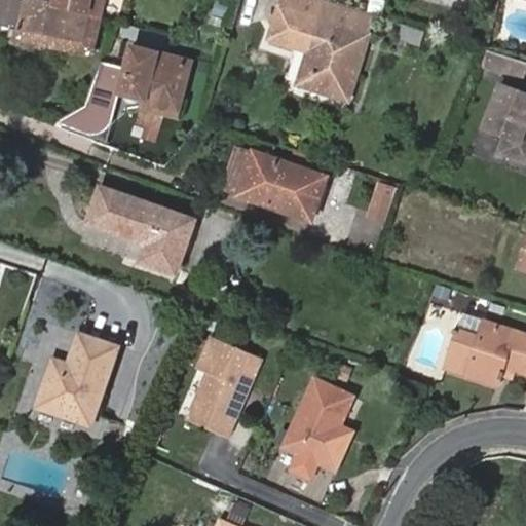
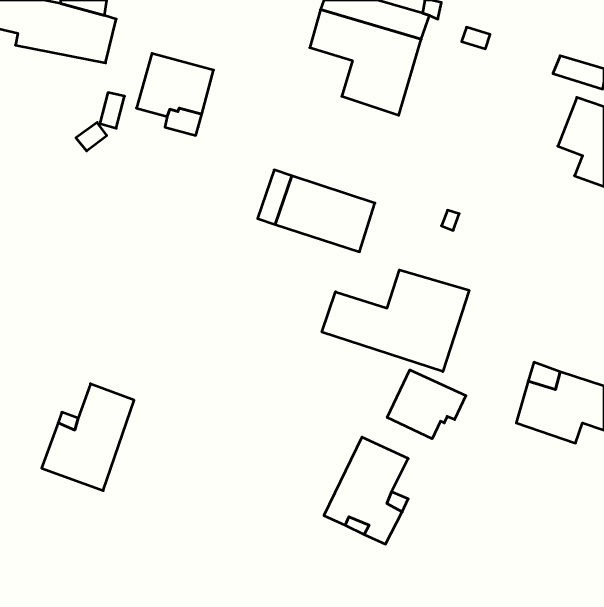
building: [86,187,194,273] -> none
building: none -> [322,270,469,372]
building: none -> [387,370,466,439]
building: [196,336,266,437] -> none

